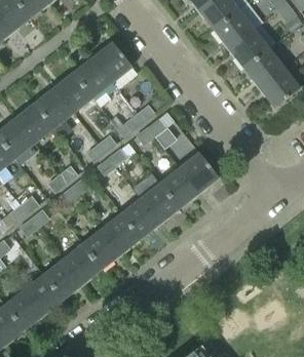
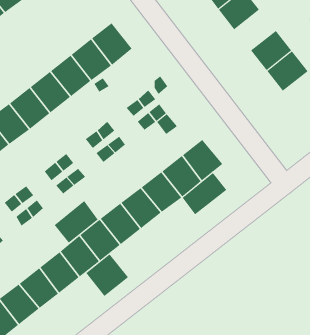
building: [228,30,268,69] -> none
building: none -> [182,172,227,215]
building: none -> [54,200,99,244]
building: none -> [85,253,129,297]

